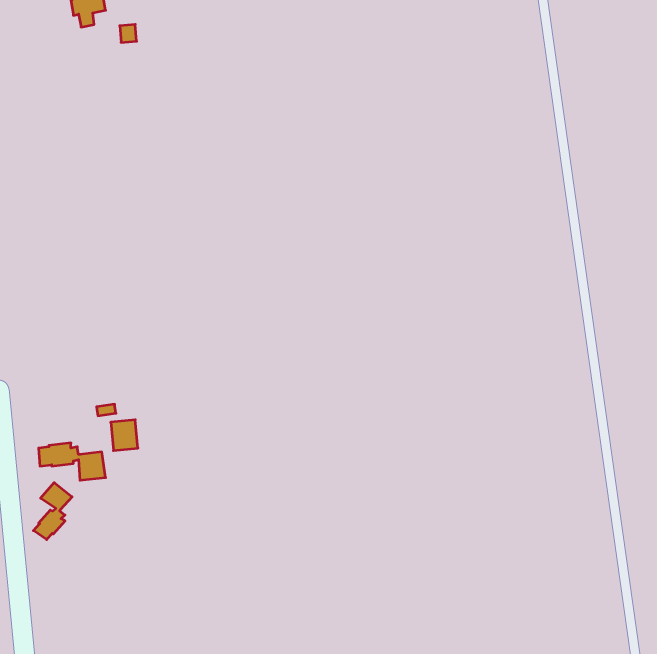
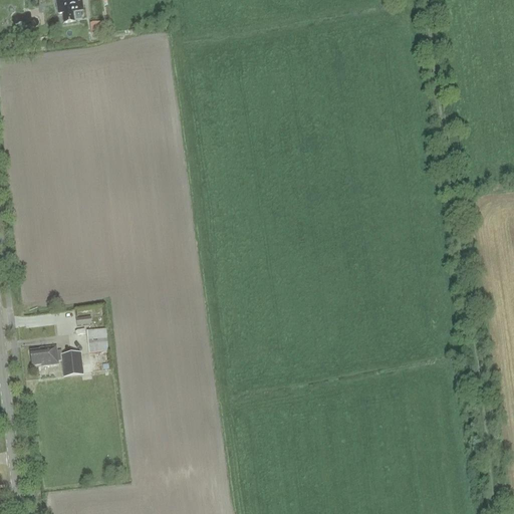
building: [33,483,72,540] -> none

